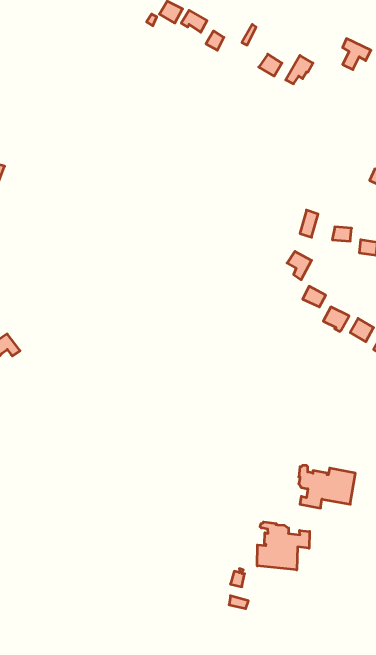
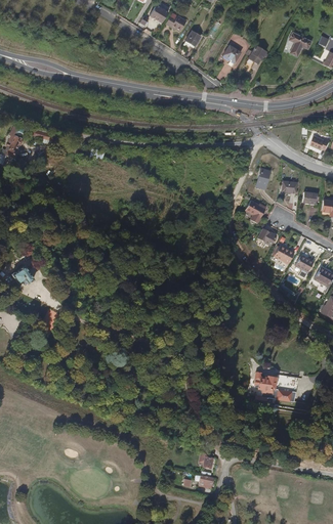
building: [257,522,310,570] -> none

